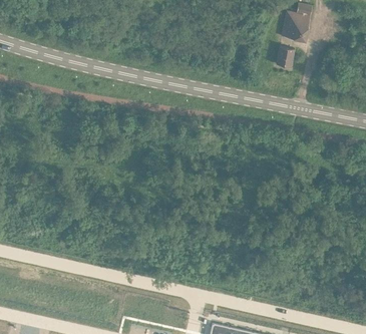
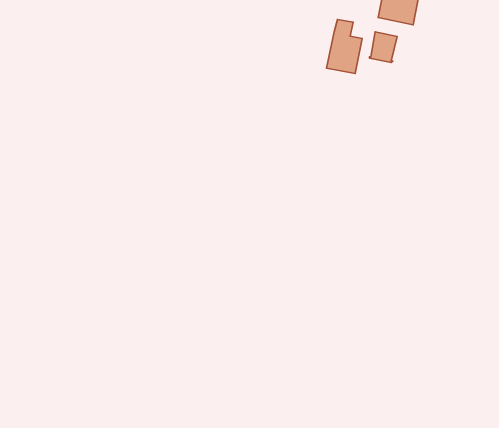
building: none -> [327,20,362,74]

